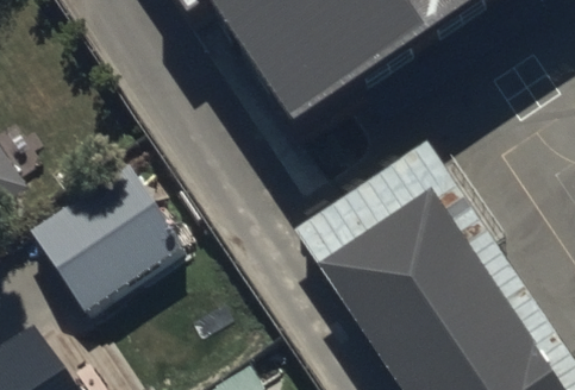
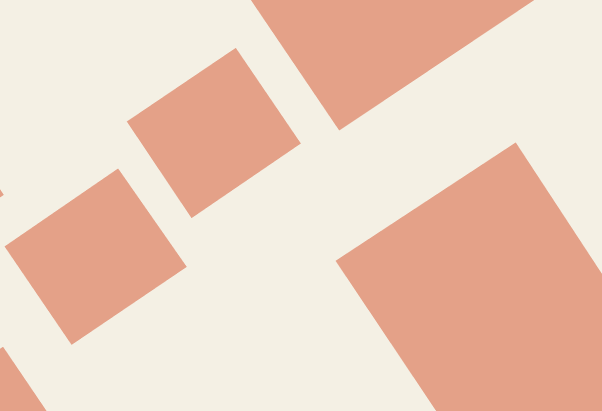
building: none -> [126,47,302,219]

